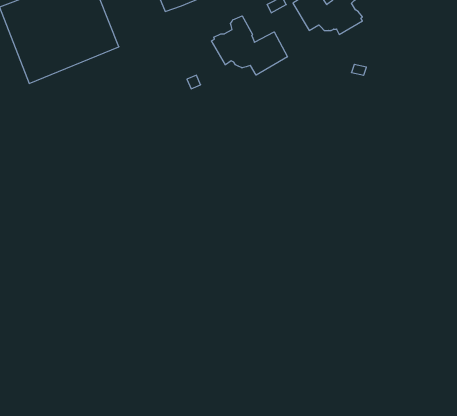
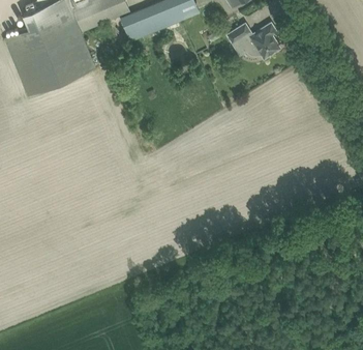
building: [211,16,287,75] -> none

